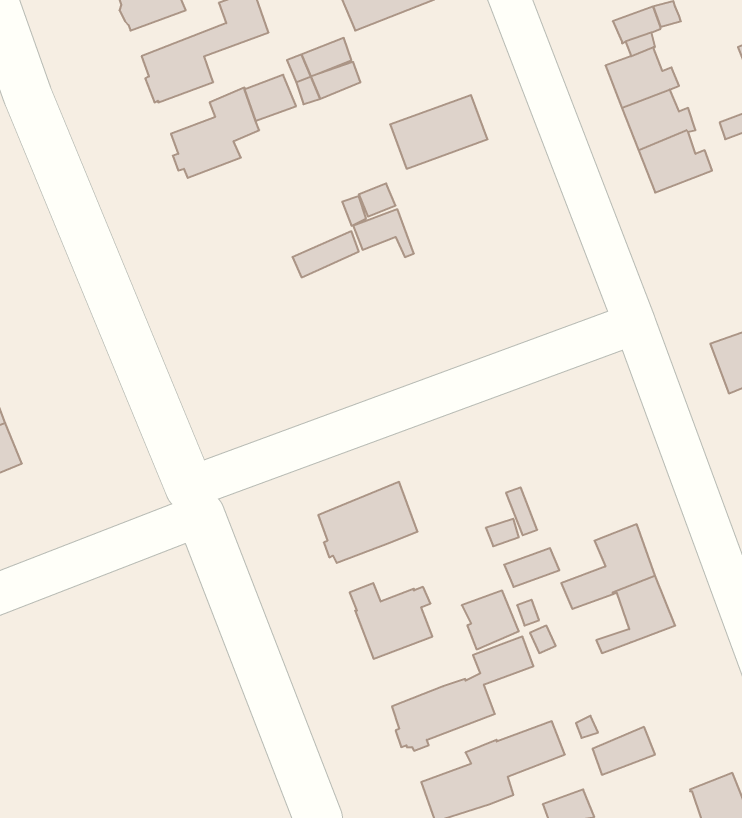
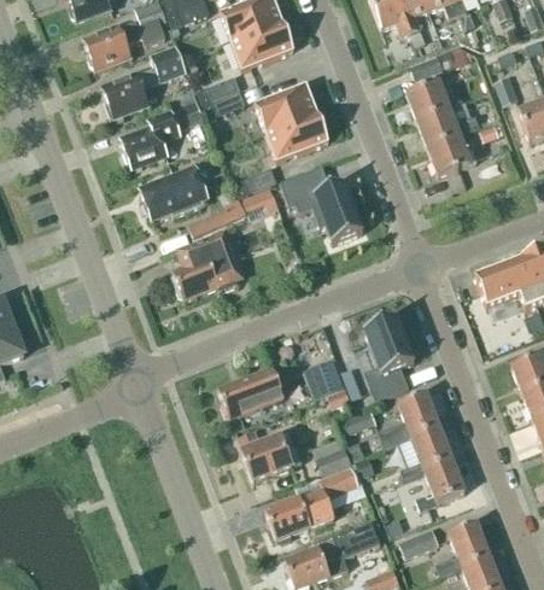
building: none -> [255,83,318,132]
building: none -> [141,167,209,217]
building: none -> [281,167,363,243]
building: none -> [174,233,238,299]
building: none -> [363,317,414,401]
building: none -> [304,358,345,398]
building: none -> [416,460,464,510]
building: none -> [435,524,490,577]

